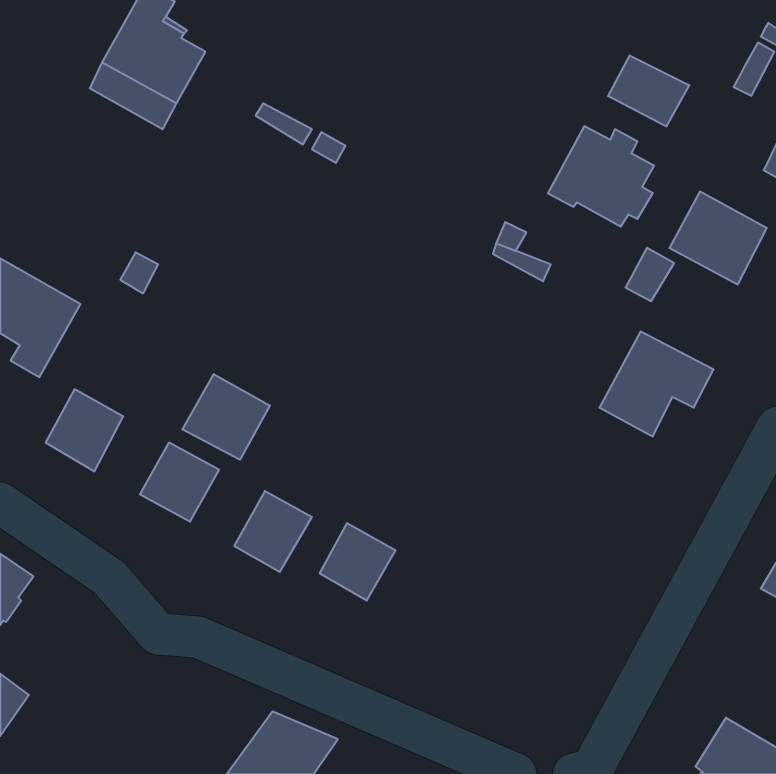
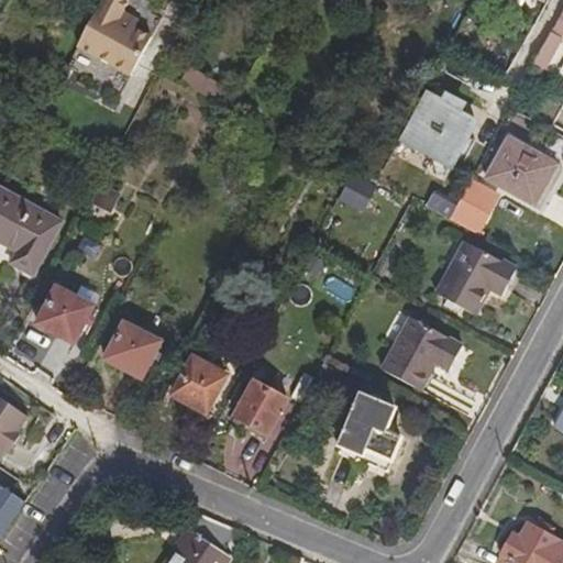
building: [608,55,689,127] -> none
building: [183,374,270,460] -> none
building: none -> [384,316,464,391]
building: none -> [336,393,400,470]

